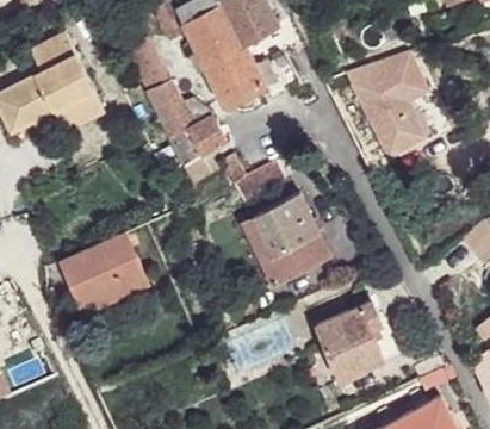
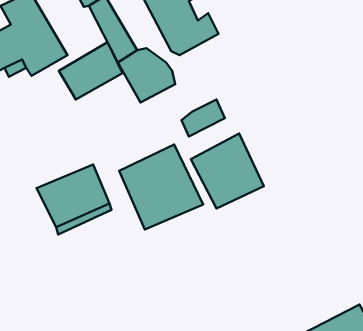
building: [348,51,430,155] -> none
building: none -> [59,42,122,100]
building: none -> [119,144,203,230]
building: [321,300,384,378] -> none

